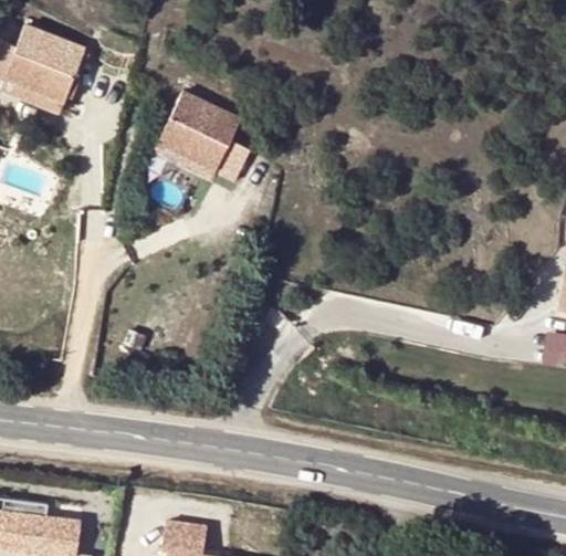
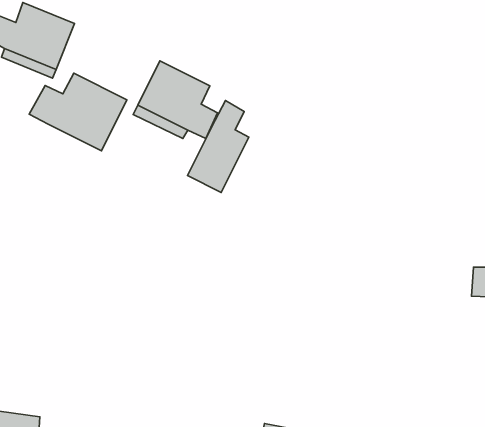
building: none -> [29,73,127,151]
building: none -> [187,100,249,192]

